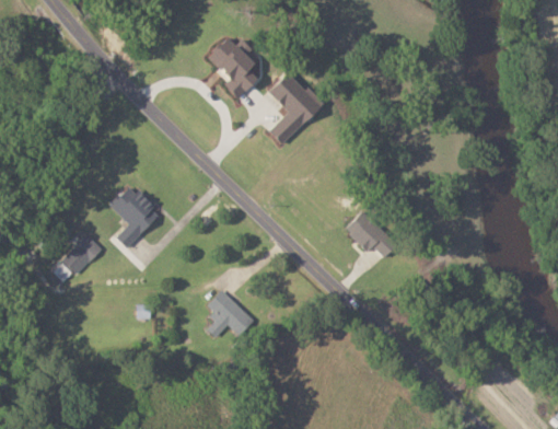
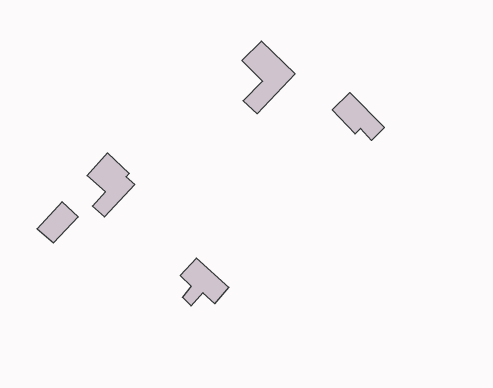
building: [209,37,258,98] -> none
building: [345,210,397,258] -> [332,93,384,140]

